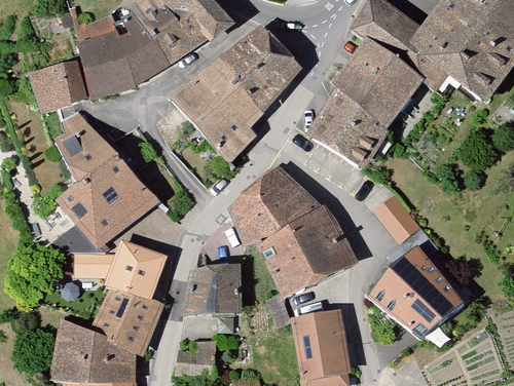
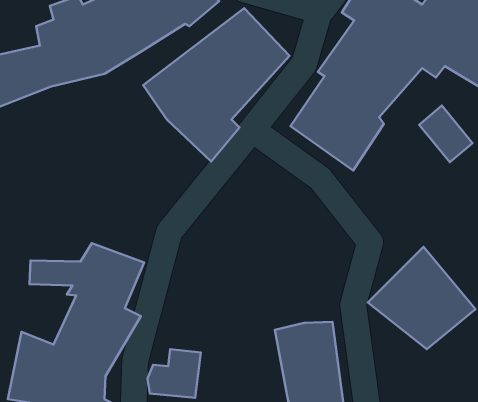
building: [52,111,158,252] -> none
building: [227,165,359,303] -> none
building: [379,191,428,242] -> [419,106,473,162]
building: [179,263,242,316] -> none

